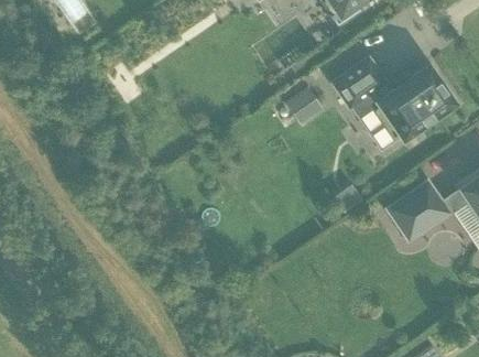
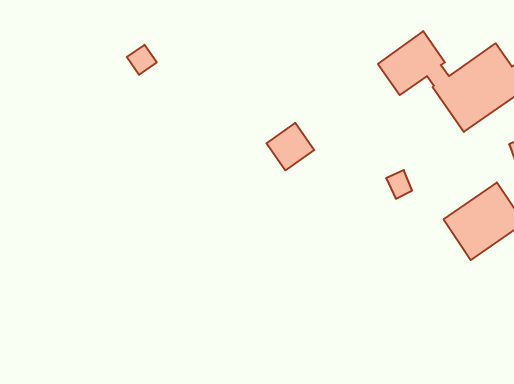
building: [286,87,325,126] -> [266,123,314,170]

